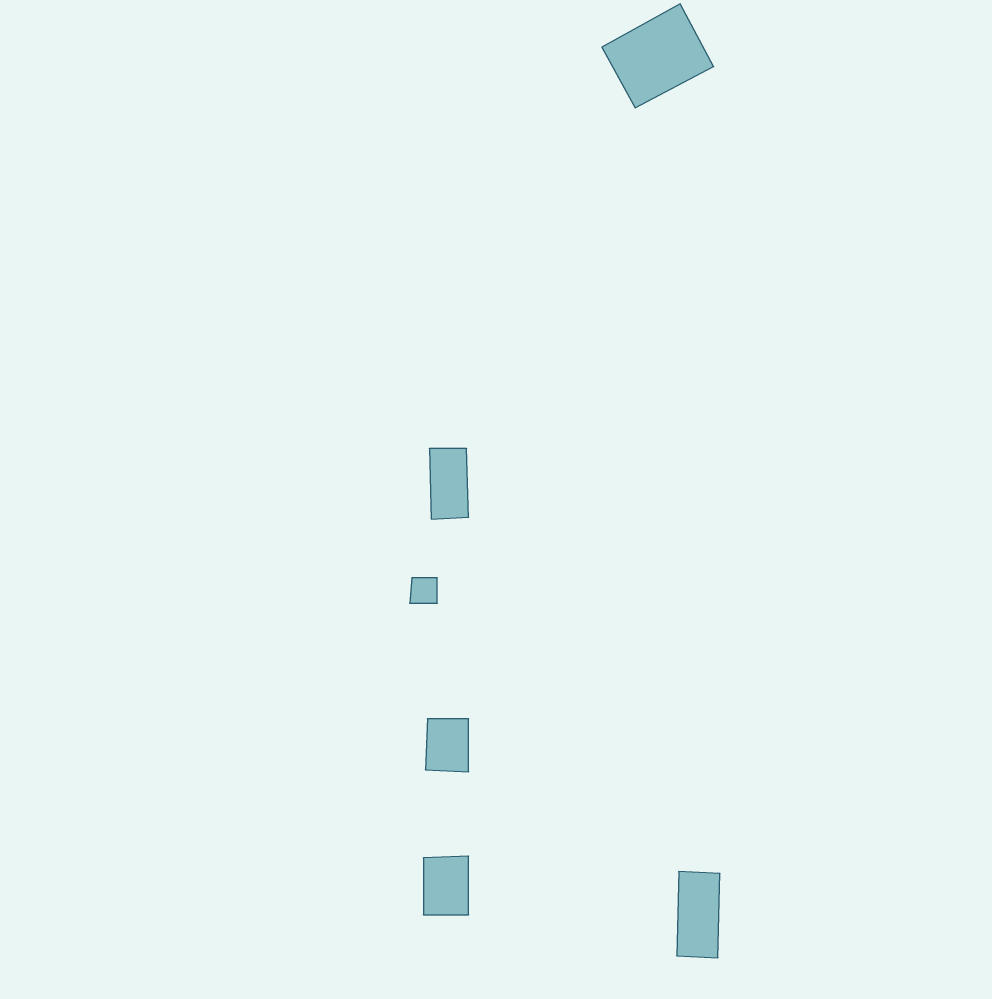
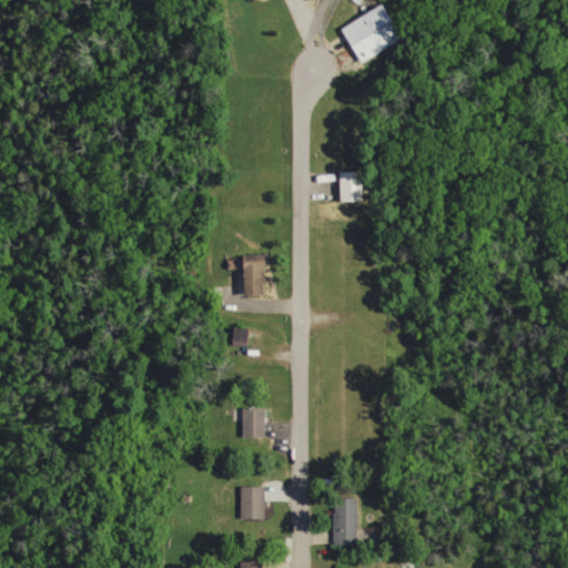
building: none -> [339,171,363,202]
building: [677,872,720,958] -> [332,497,356,546]

